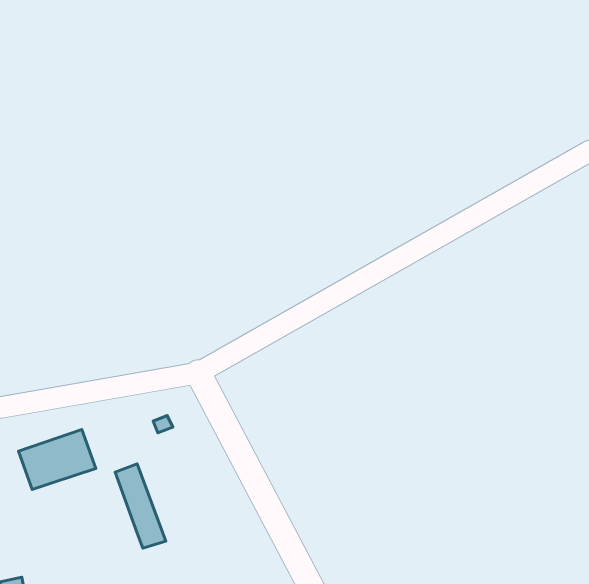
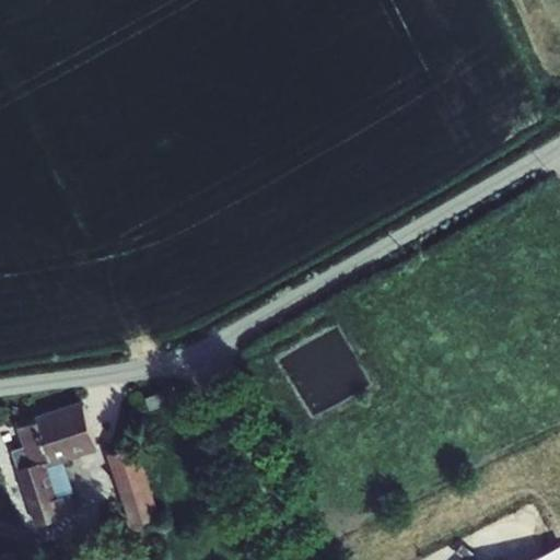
building: none -> [9,452,73,525]

